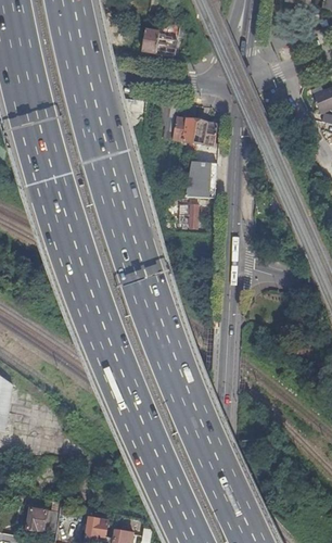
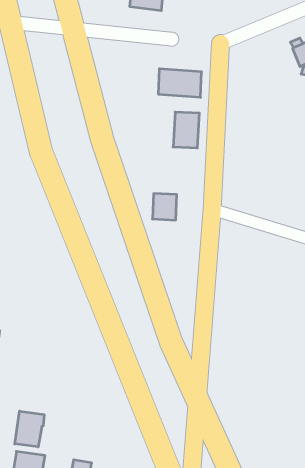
building: [176,201,201,228] -> [152,194,177,220]
building: none -> [15,411,44,447]

